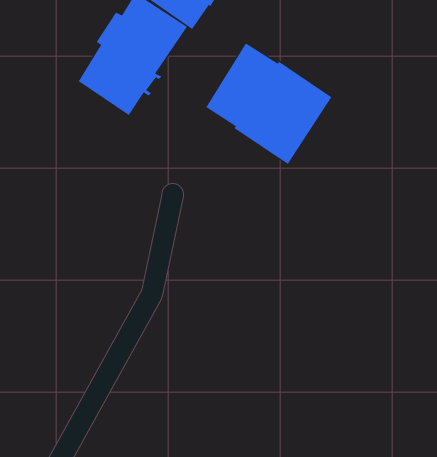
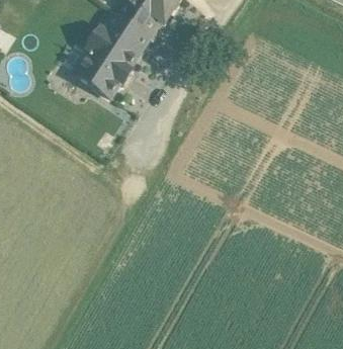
building: [206,42,332,165] -> none

